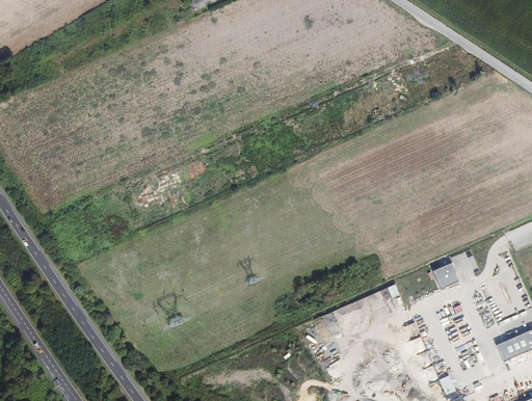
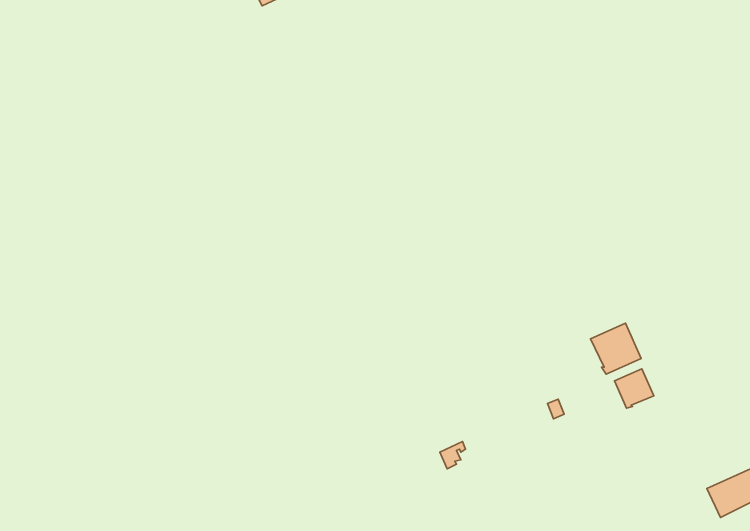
building: none -> [590,323,641,374]

